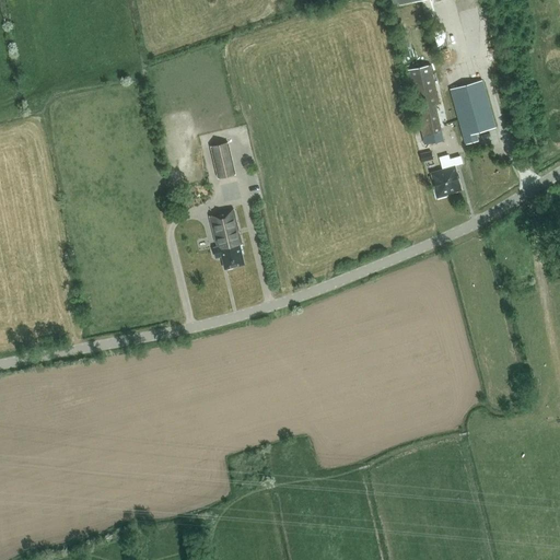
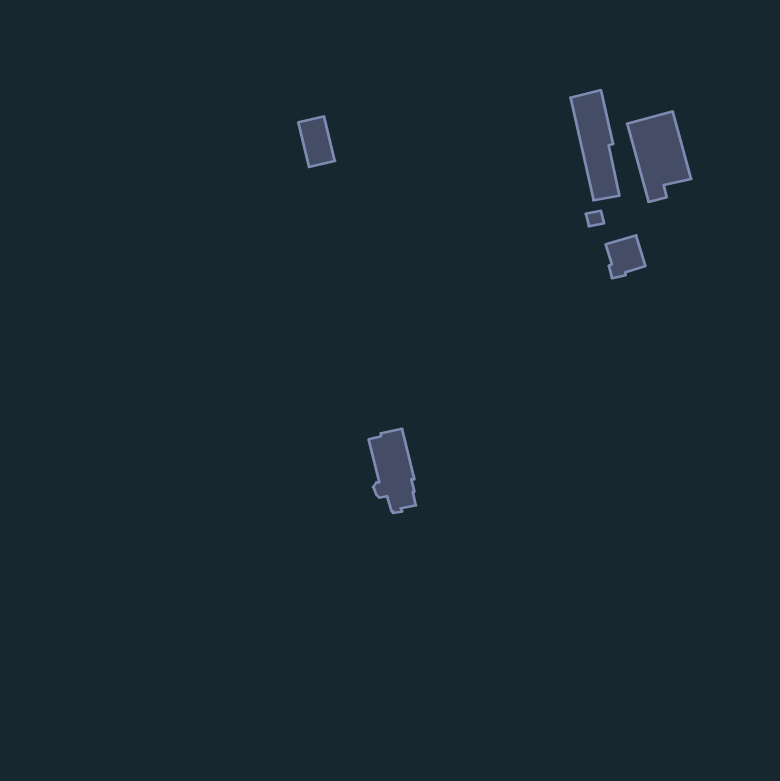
building: [209,142,235,178] -> [298,117,335,167]
building: [210,209,244,269] -> [369,429,416,513]

